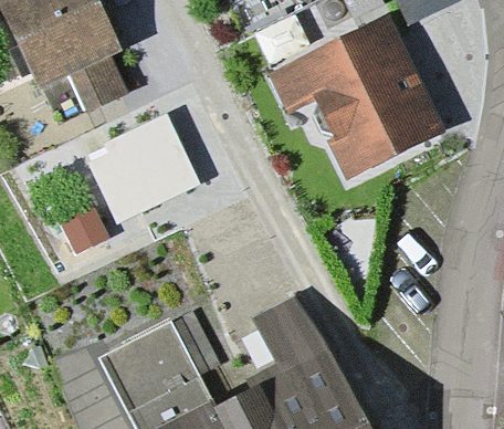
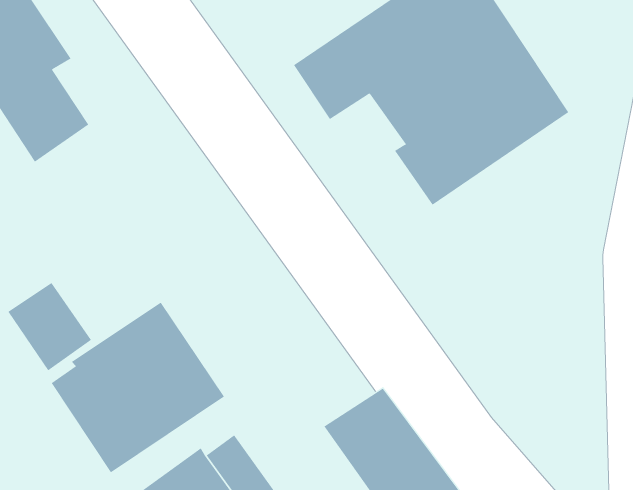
building: [86,114,200,222] -> [51,302,225,473]

